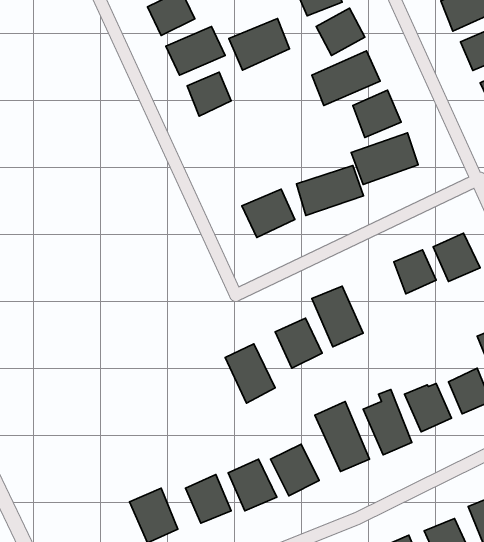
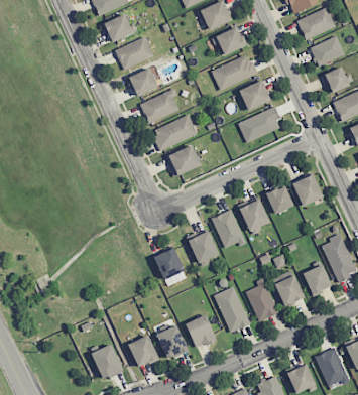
building: [229,19,290,70] -> [140,90,181,124]
building: [297,166,363,216] -> [153,116,198,149]
building: none -> [239,199,270,232]

